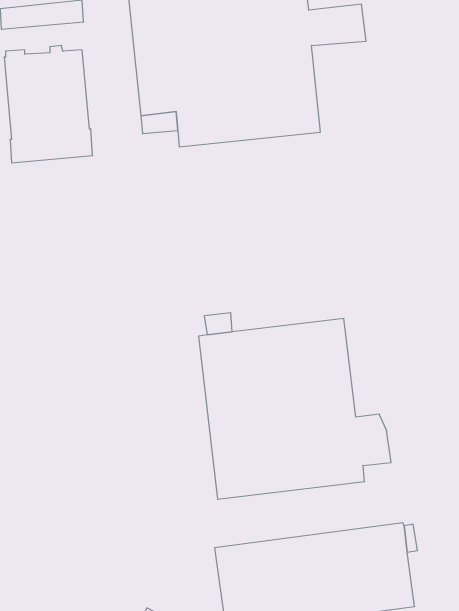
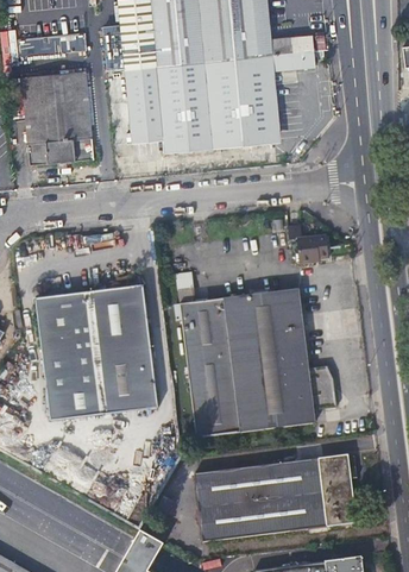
building: none -> [288,226,327,269]
building: none -> [34,285,156,419]

